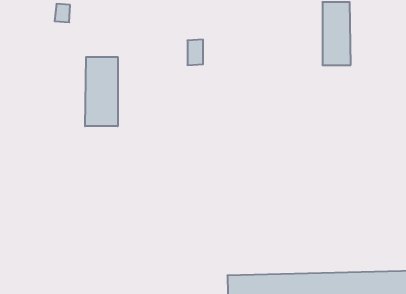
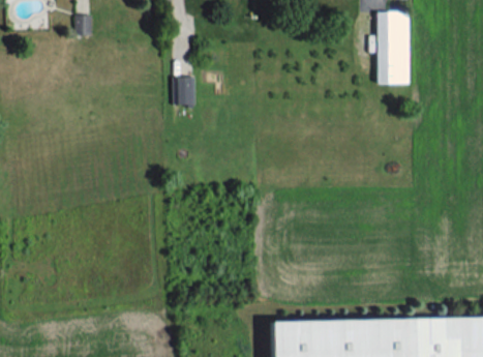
building: [187,40,203,65] -> [178,76,195,105]
building: [85,57,118,126] -> none

